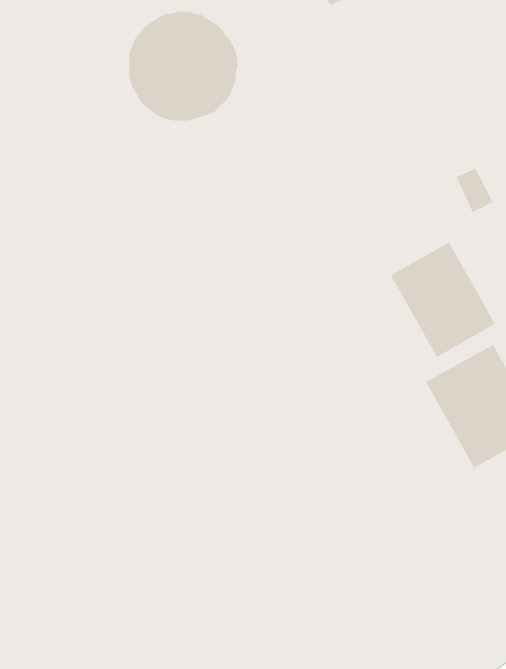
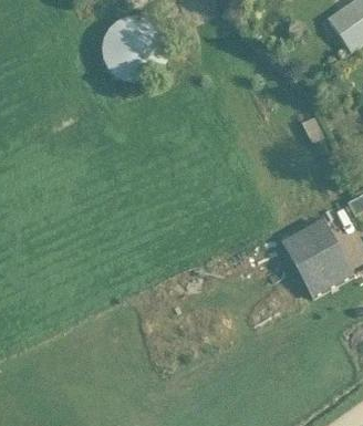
building: [390,241,496,358] -> none

